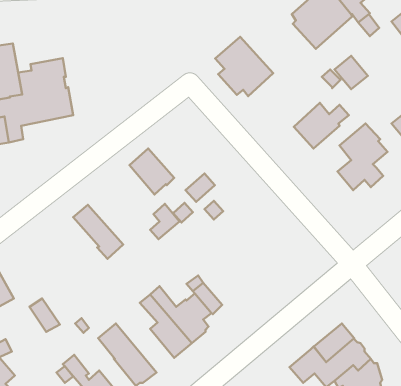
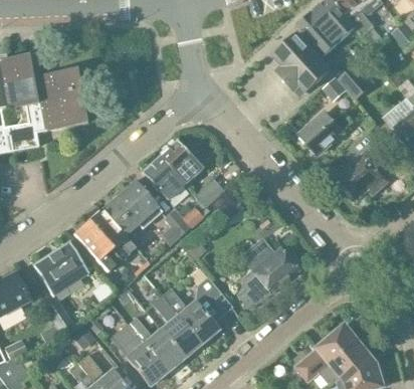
building: [215,37,273,96] -> [274,34,331,91]
building: none -> [159,139,202,183]
building: none -> [101,180,158,236]
building: none -> [73,221,120,271]
building: none -> [32,241,88,295]
building: none -> [238,241,297,309]
building: none -> [128,317,184,371]

